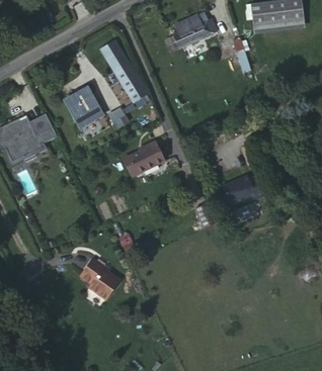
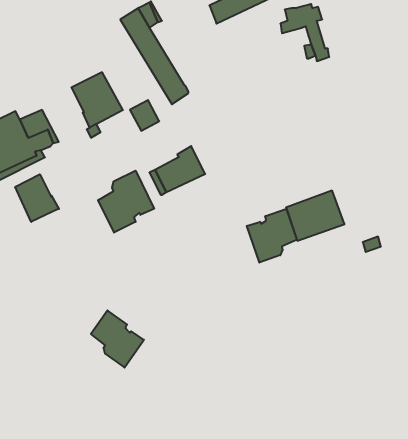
building: none -> [98,171,154,233]
building: none -> [15,174,59,222]
building: none -> [247,209,297,263]

